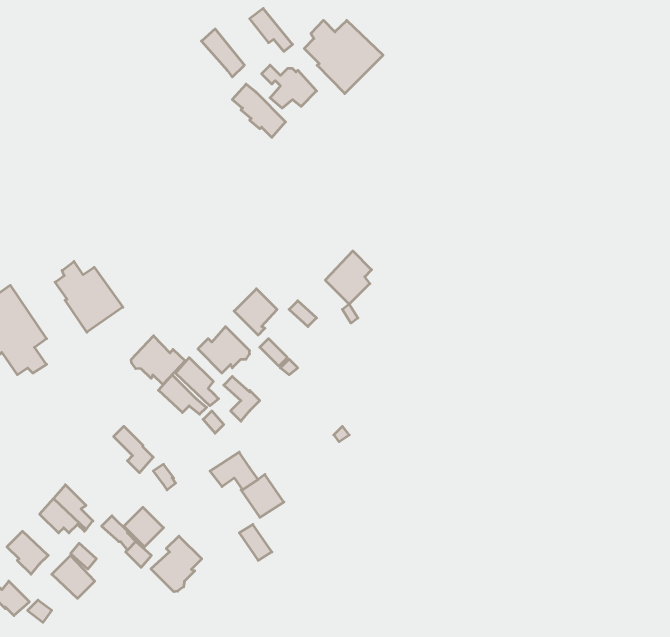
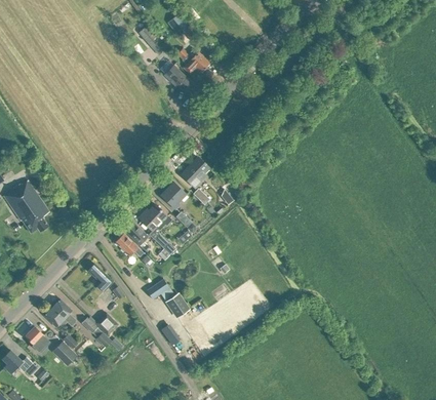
building: [304,20,383,94] -> none
building: [325,251,372,304] -> [181,157,208,189]
building: [55,261,123,332] -> none
building: [131,336,185,385] -> none
building: [151,536,202,592] -> none

